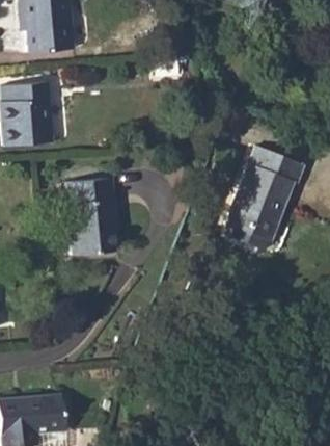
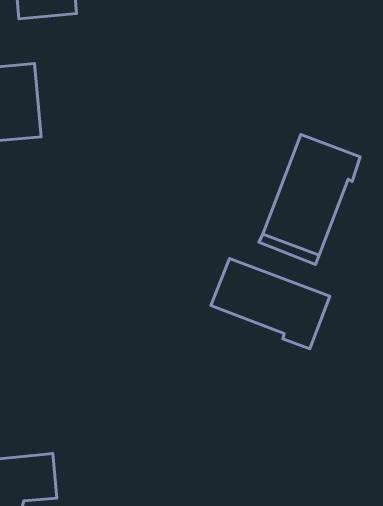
building: [64,181,114,258] -> none
building: none -> [211,258,330,349]

